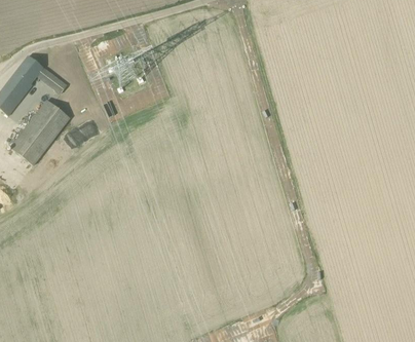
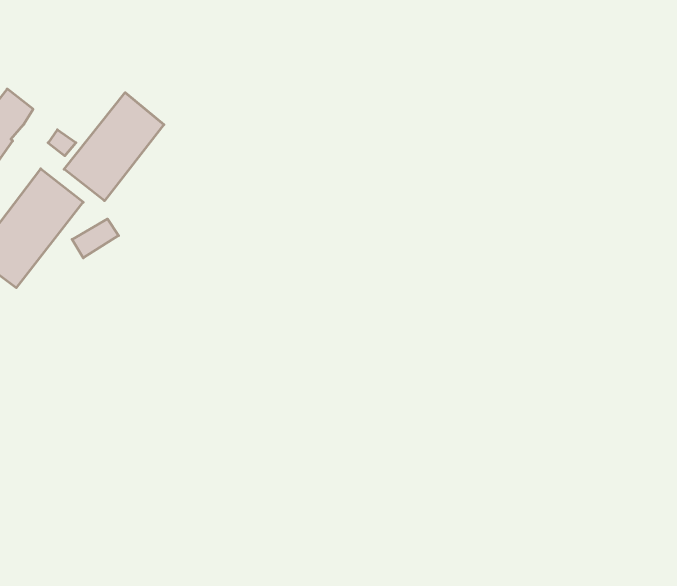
building: none -> [64,93,164,201]

